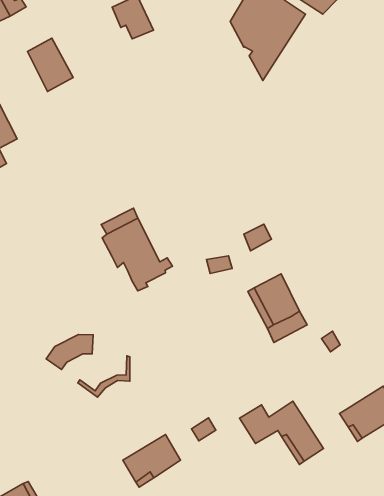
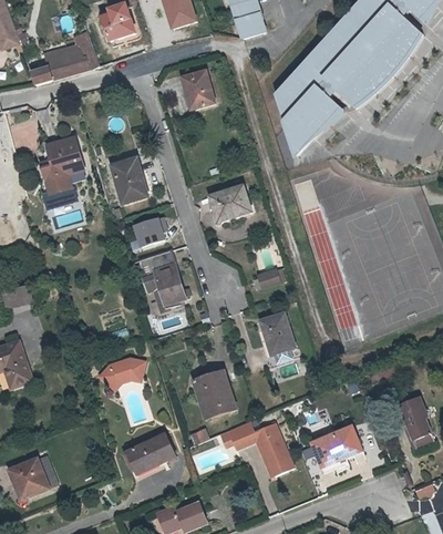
building: [27,38,73,91] -> [112,160,146,203]
building: none -> [208,187,249,224]
building: none -> [133,216,166,245]
building: [46,335,93,370] -> [102,361,144,388]
building: none -> [194,373,236,415]

